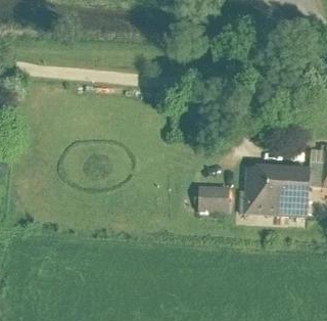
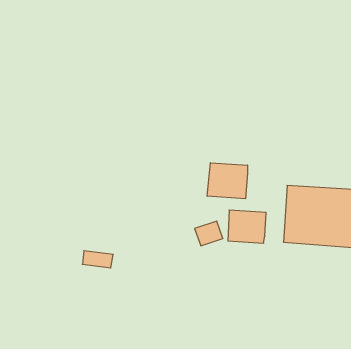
building: none -> [207,163,248,199]

